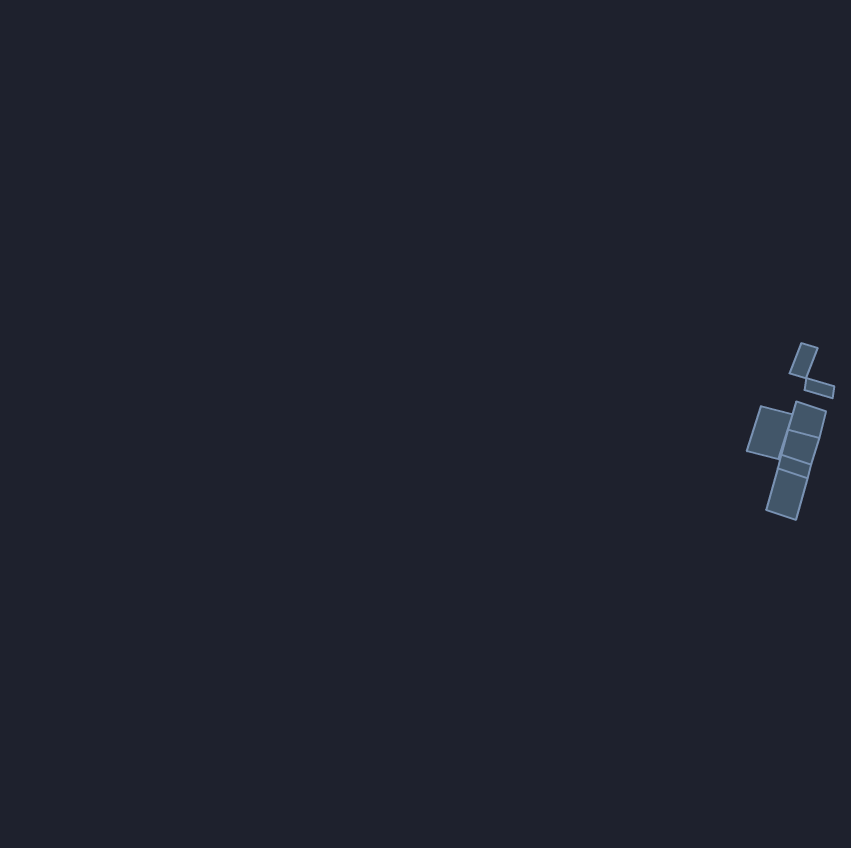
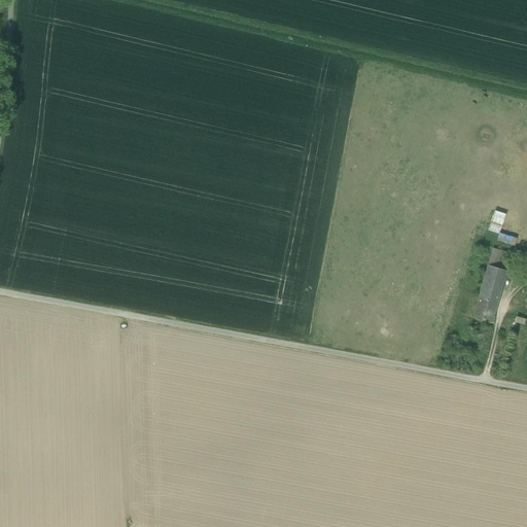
building: [747,406,792,459] -> none

